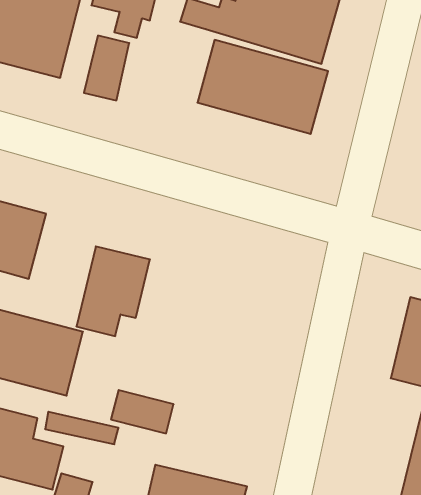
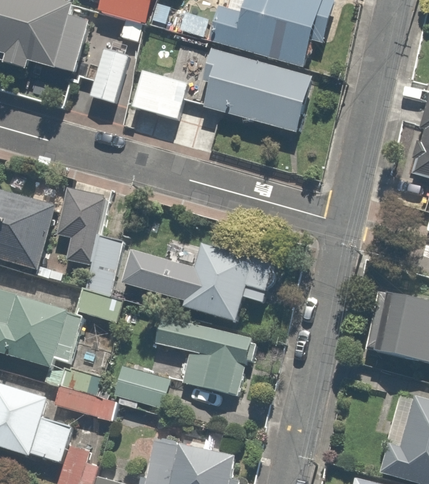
building: none -> [134,73,190,120]
building: none -> [52,181,109,268]
building: none -> [152,236,270,397]

